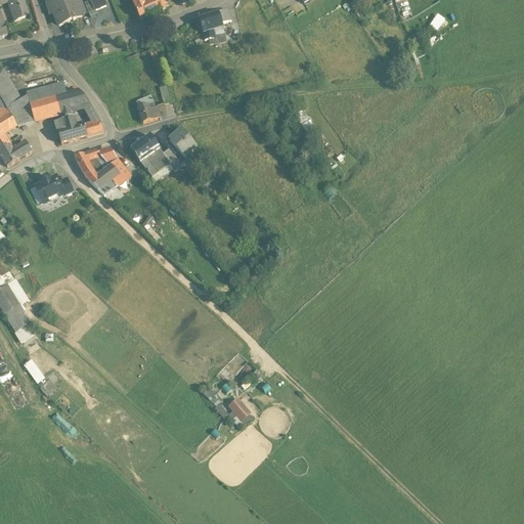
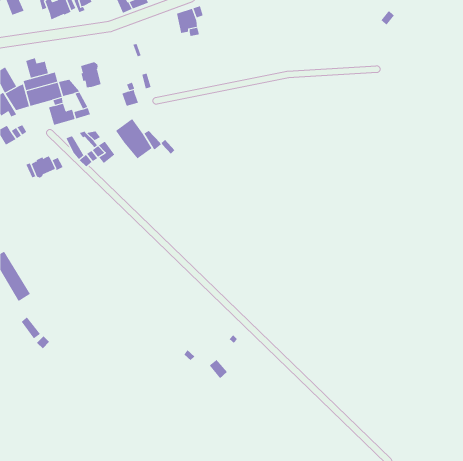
building: none -> [26,58,49,79]
building: none -> [81,62,101,88]
building: [169,127,202,158] -> none

